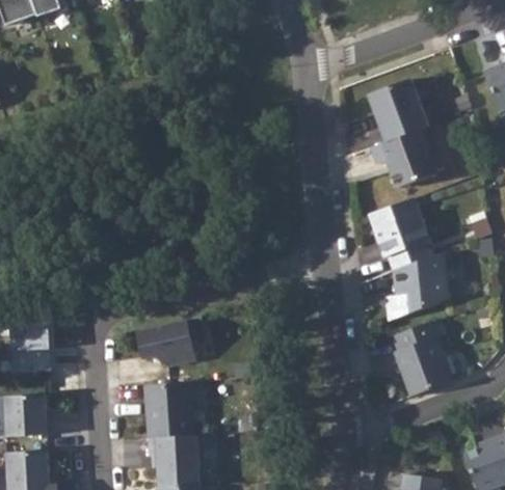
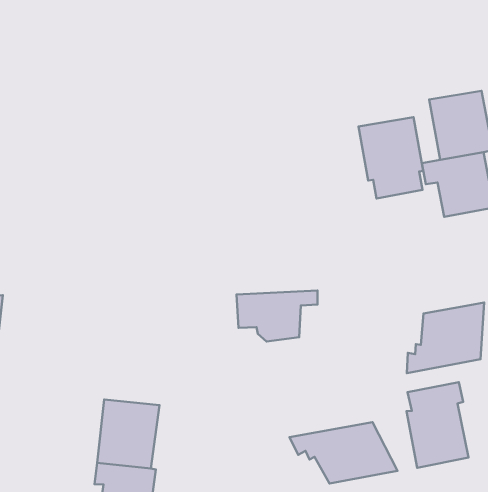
building: [369,198,430,270] -> [358,117,423,198]
building: [136,317,204,365] -> [237,291,318,342]
building: none -> [289,422,397,484]

